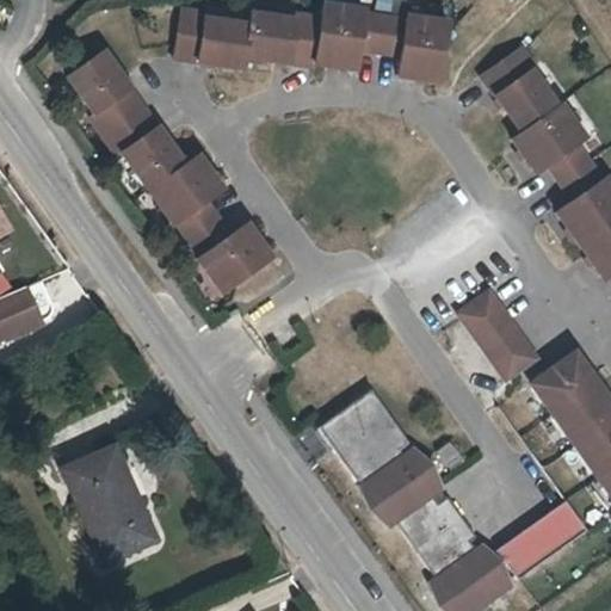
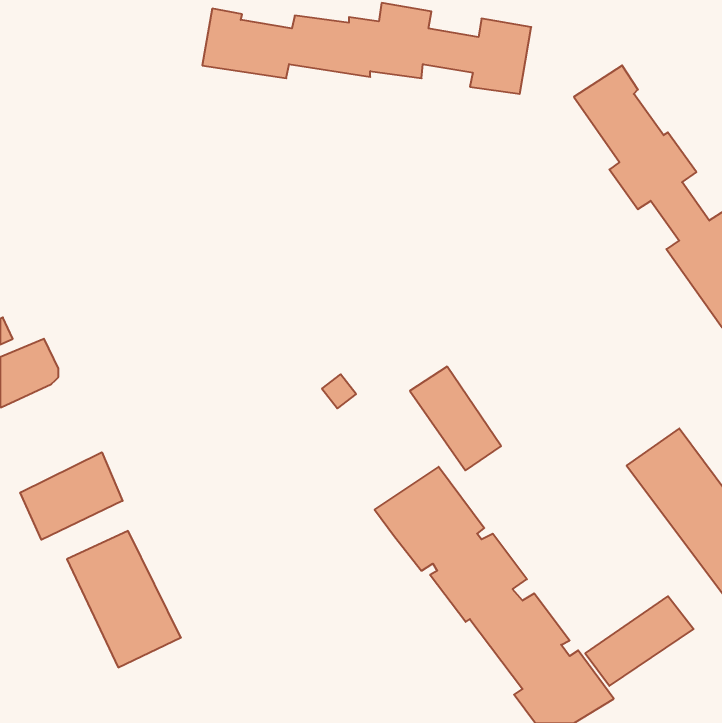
building: [69,57,272,288] -> none
building: [461,292,537,379] -> [410,367,501,470]
building: none -> [20,452,123,540]

